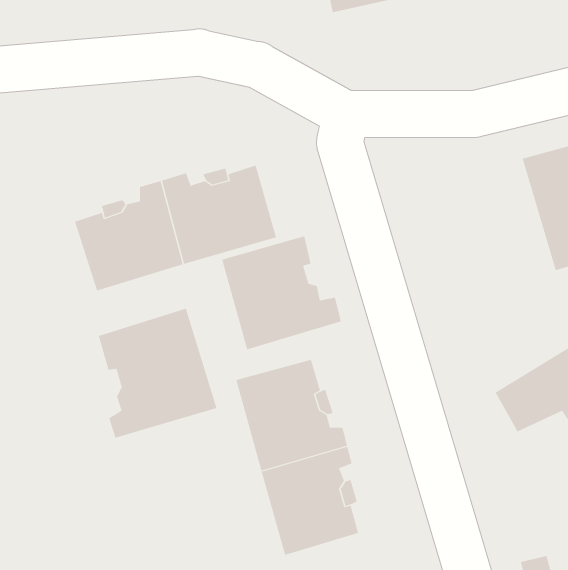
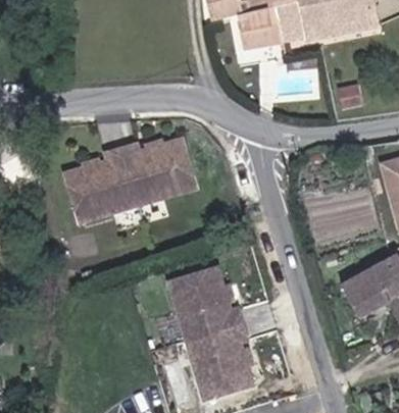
building: [222,236,342,350] -> none
building: [98,308,217,438] -> none

